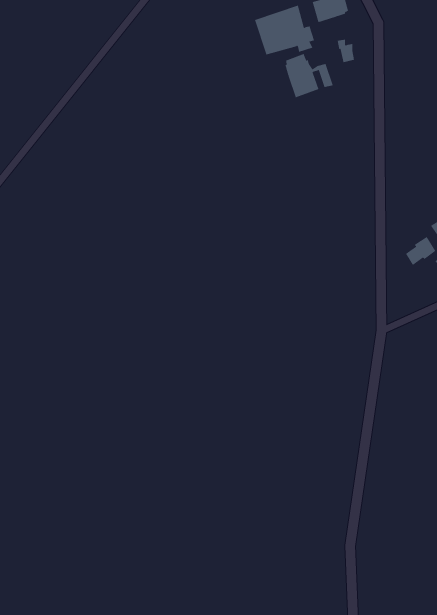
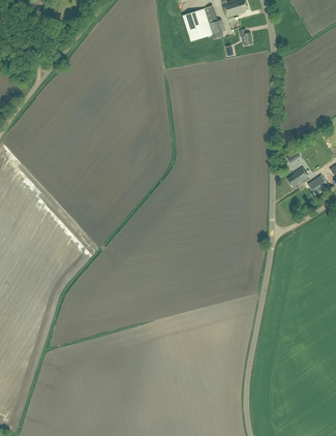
building: [285,53,333,98] -> none

